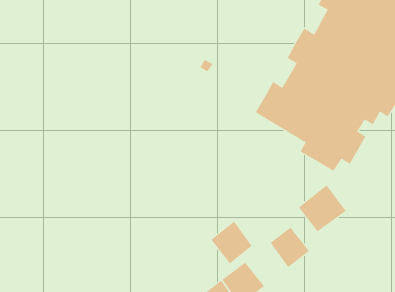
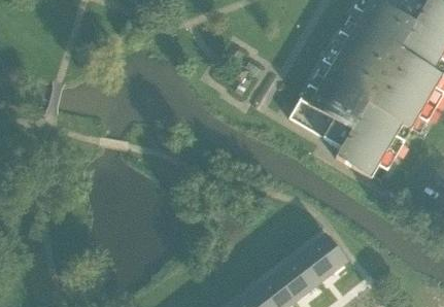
building: [298,185,347,232] -> none
building: [210,221,253,264] -> [278,251,321,296]

